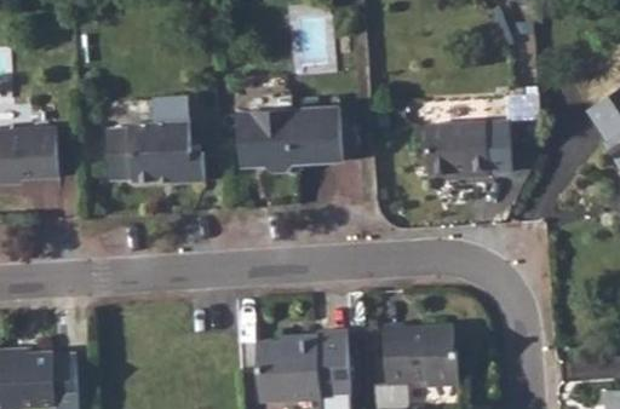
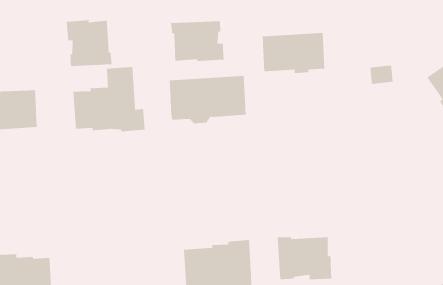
building: none -> [66,19,112,67]
building: none -> [170,20,224,62]
building: [424,121,510,177] -> [262,32,325,73]

